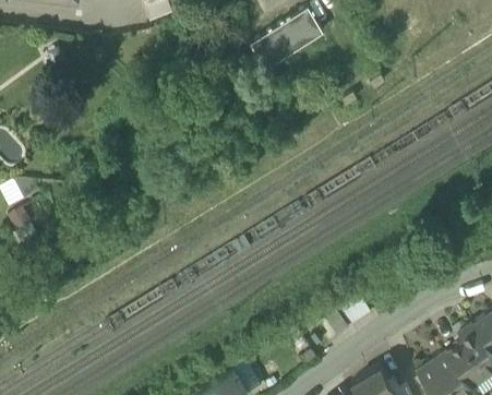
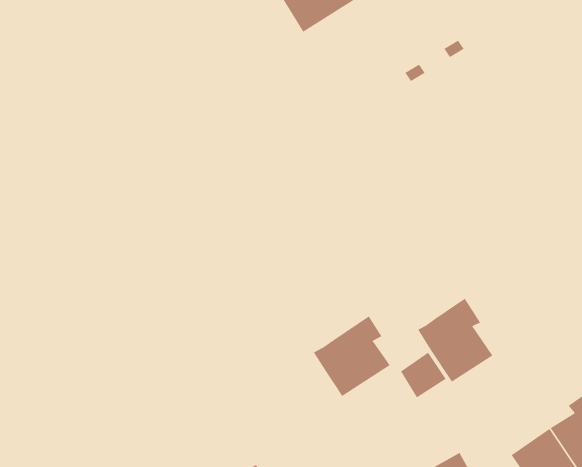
building: none -> [417,298,493,383]
building: none -> [313,316,391,397]

